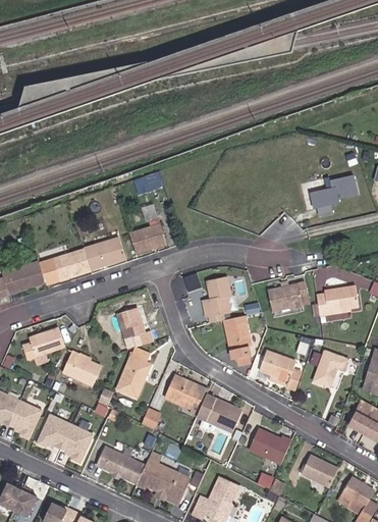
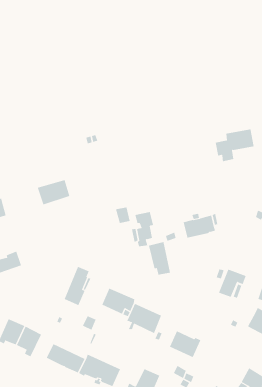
building: [129,223,166,253] -> none
building: [41,248,91,283] -> none
building: [317,285,359,315] -> none
building: [117,307,153,344] -> none
building: [259,350,302,390] -> none
building: [63,351,101,384] -> none
building: [302,455,339,487] -> none

